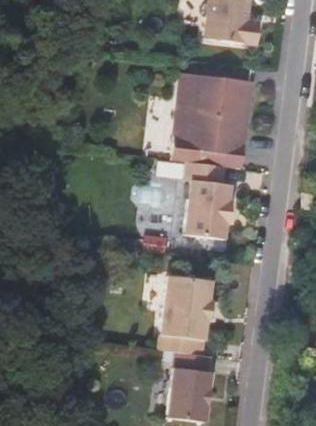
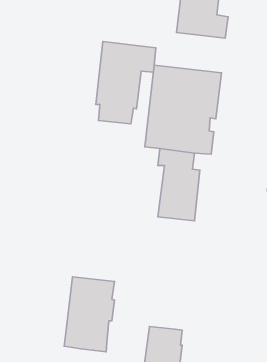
building: none -> [96,42,156,124]
building: [159,275,213,355] -> [64,277,115,352]

